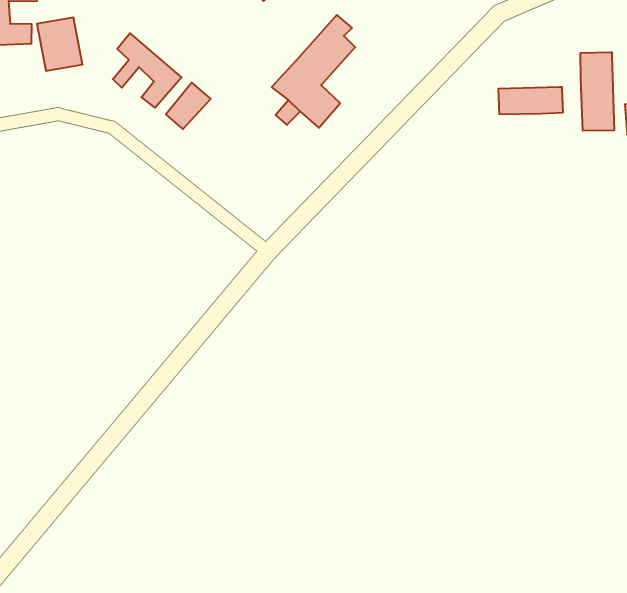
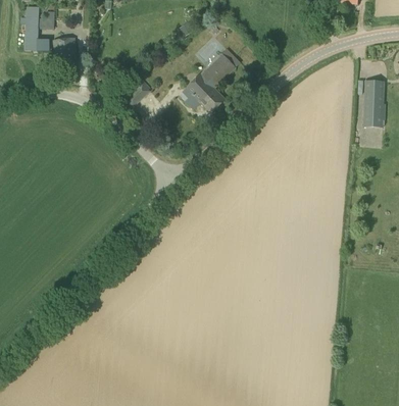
building: [113,33,181,108] -> none
building: [499,87,563,114] -> none

